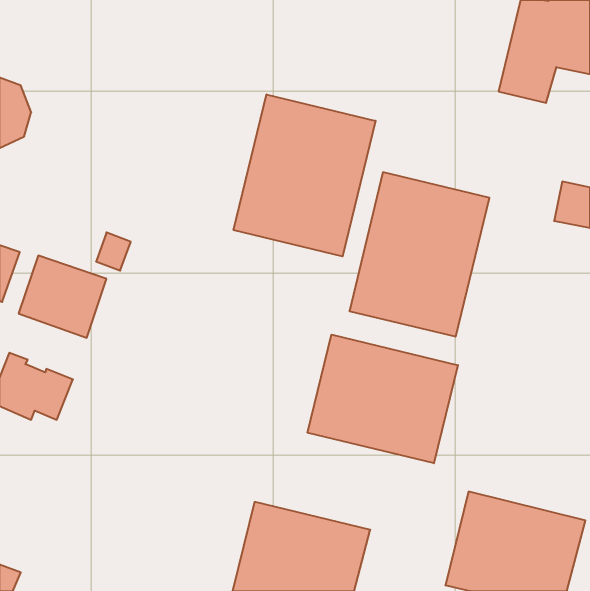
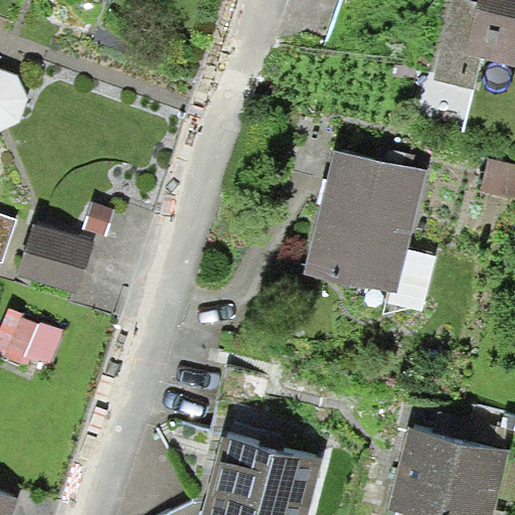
building: [234,94,376,256] -> none
building: [308,335,458,463] -> none

